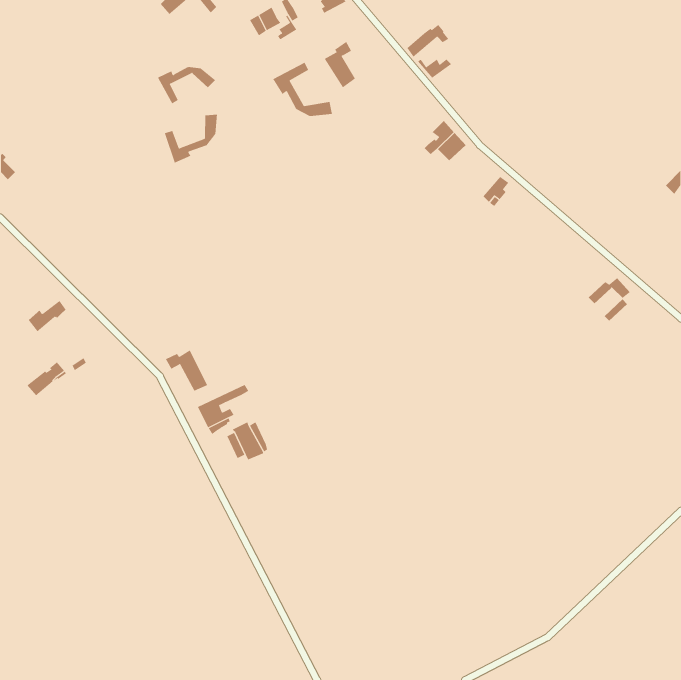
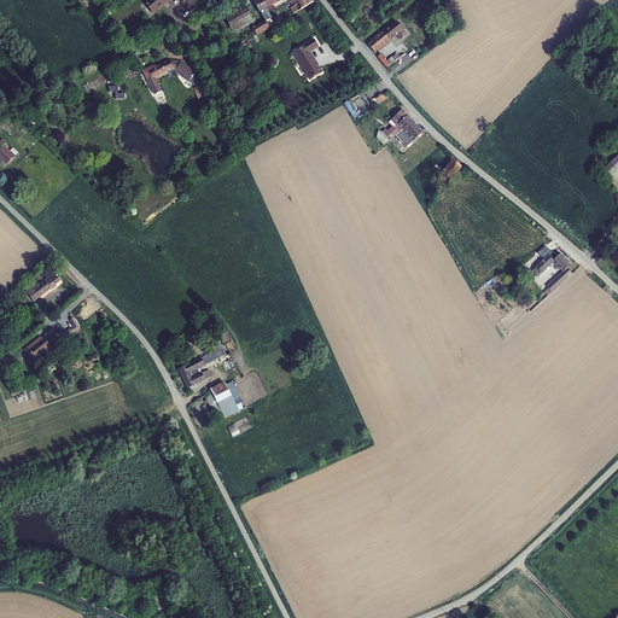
building: [273,62,333,117] -> none
building: [164,114,217,163] -> none
building: [165,350,208,391] -> none

